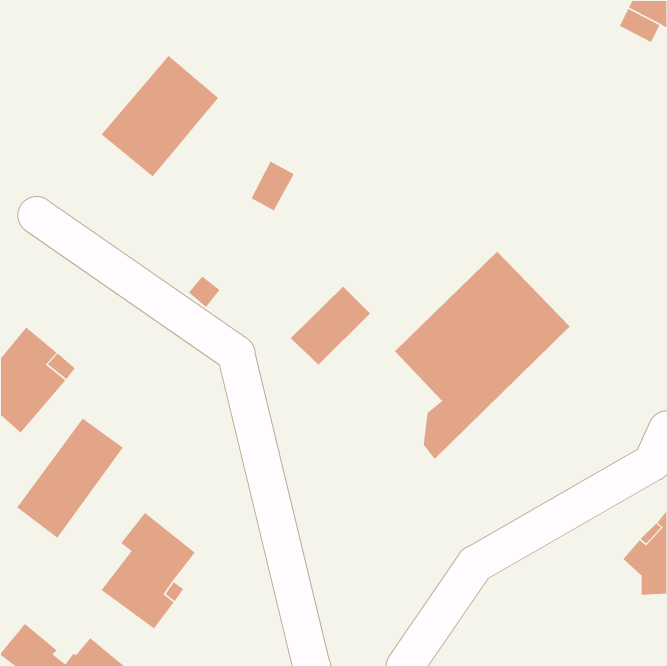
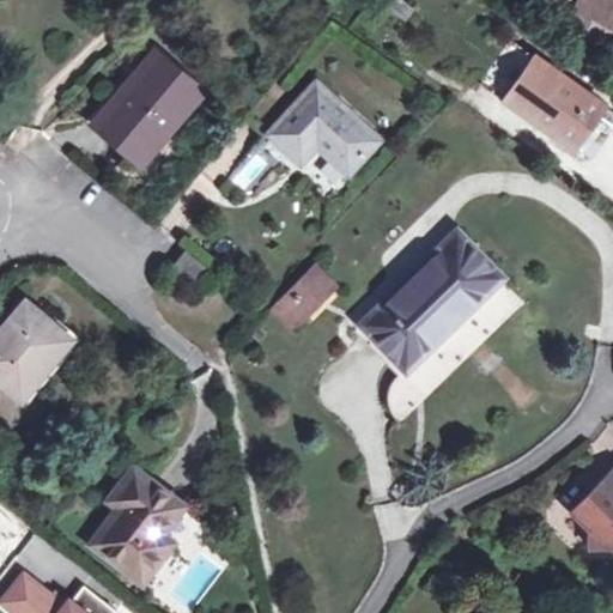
building: none -> [503,57,606,152]
building: none -> [269,84,377,172]
building: [16,417,124,539] -> none

